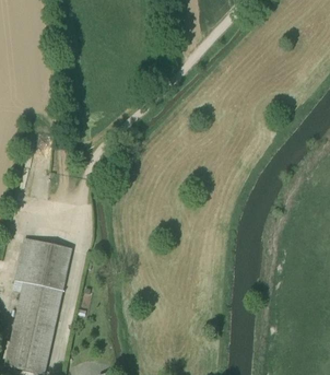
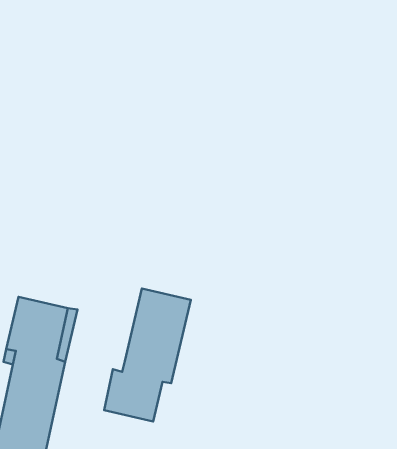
building: none -> [104,288,191,422]

